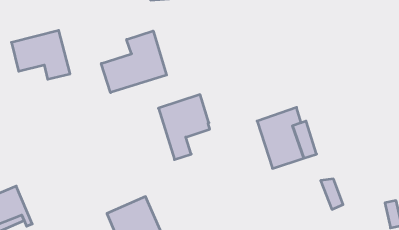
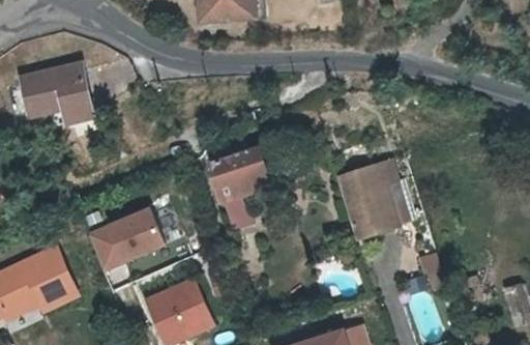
building: [101,31,167,93] -> none
building: none -> [87,207,165,271]
building: none -> [26,251,76,312]

